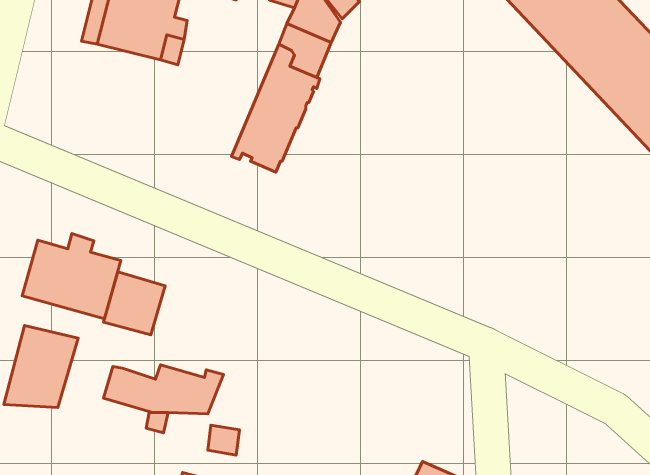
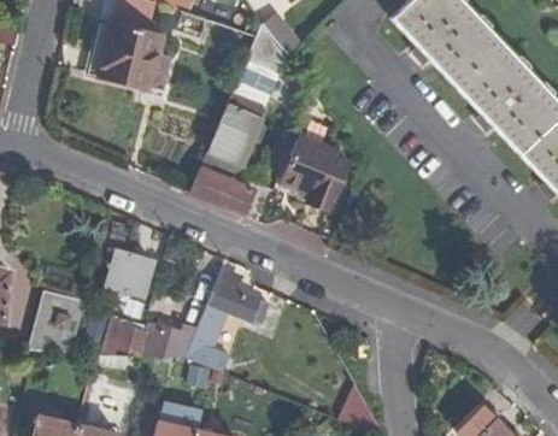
building: none -> [281,136,346,205]
building: none -> [189,160,255,216]
building: [22,233,121,318] -> none
building: none -> [186,265,268,371]

